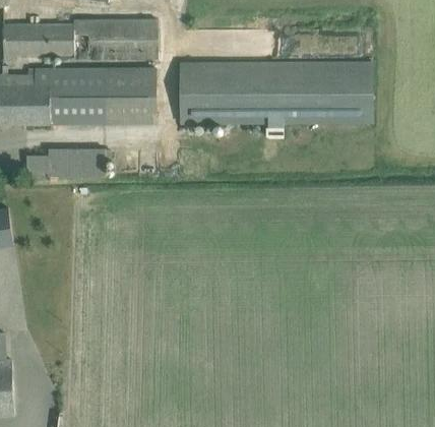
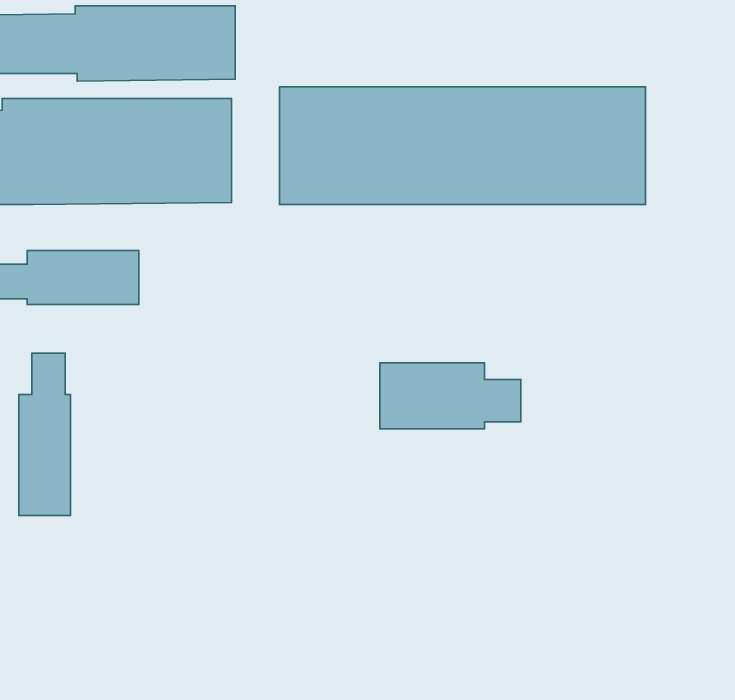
building: none -> [19,353,71,515]
building: none -> [380,363,521,429]

